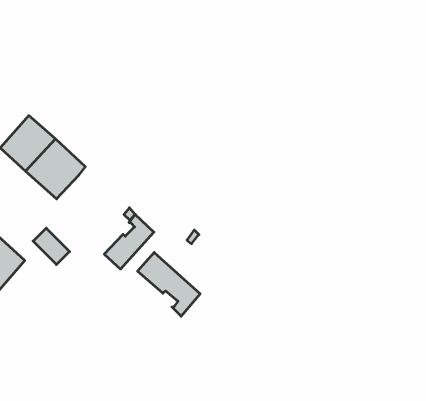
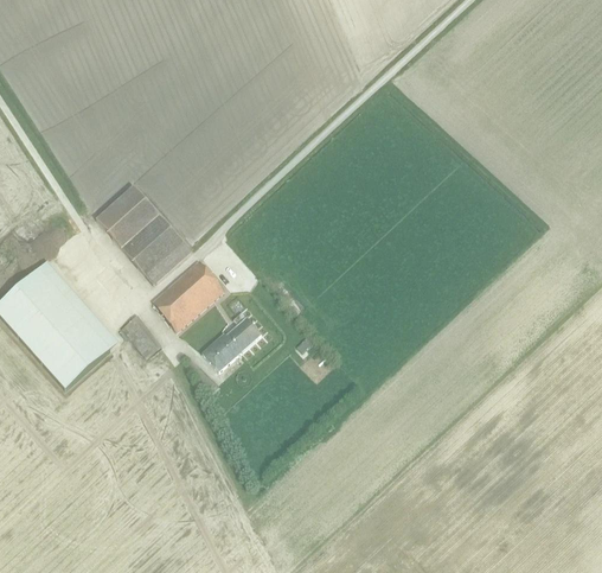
building: none -> [152,259,224,329]
building: [138,252,200,316] -> none

